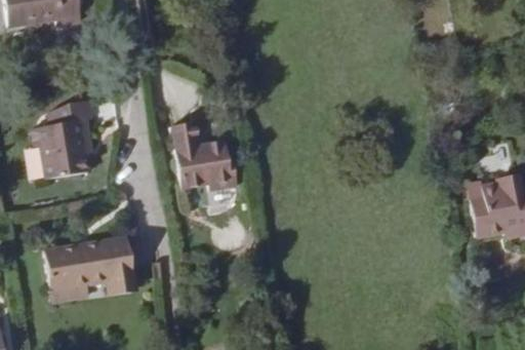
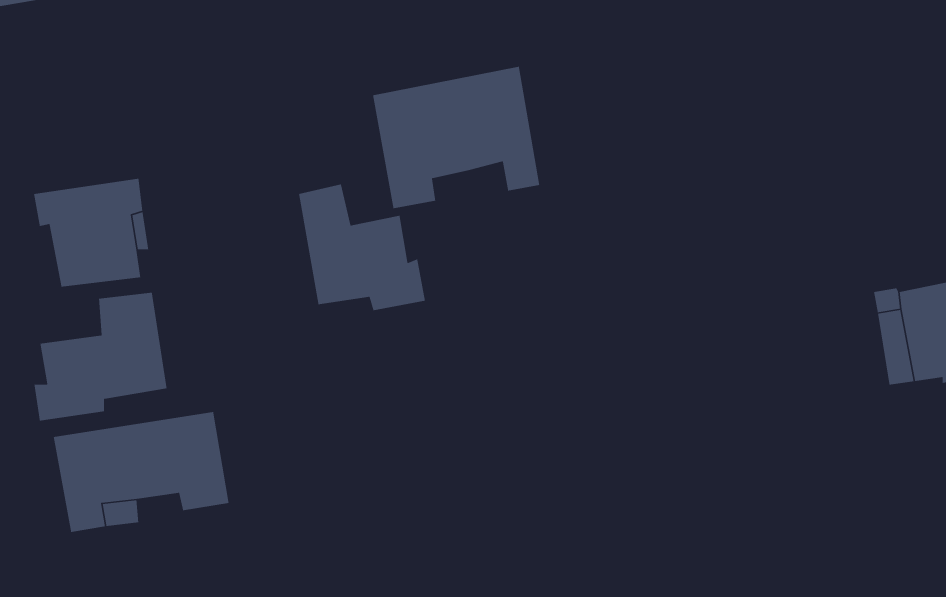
building: none -> [372,66,540,209]
building: none -> [33,292,168,421]

